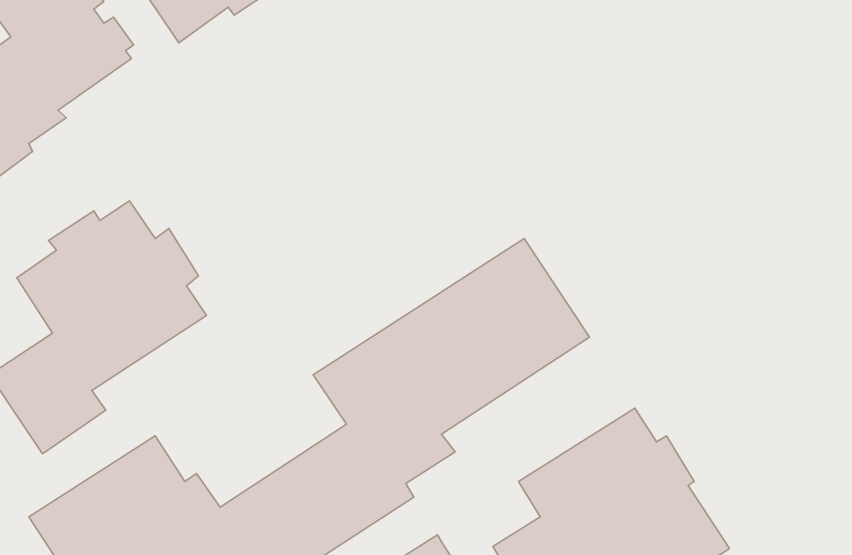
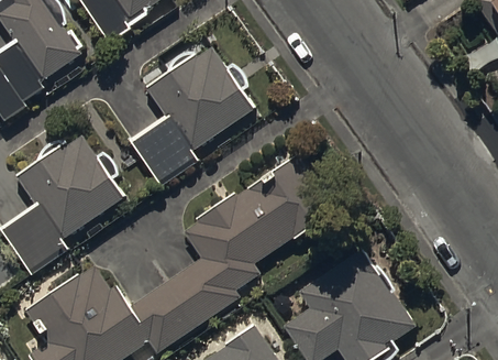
building: none -> [131,45,255,185]

